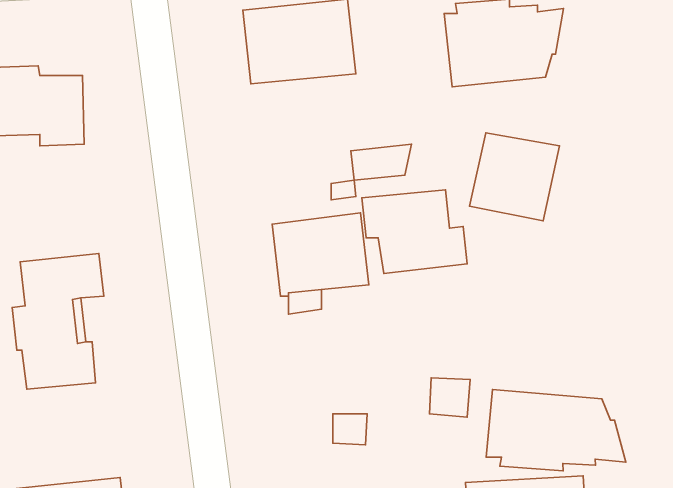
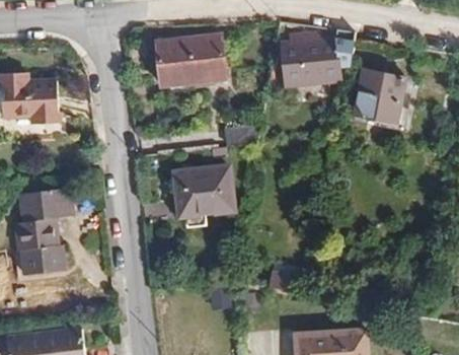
building: [469,133,559,221] -> [352,69,407,124]
building: [362,190,467,273] -> none
building: [486,389,626,471] -> none

